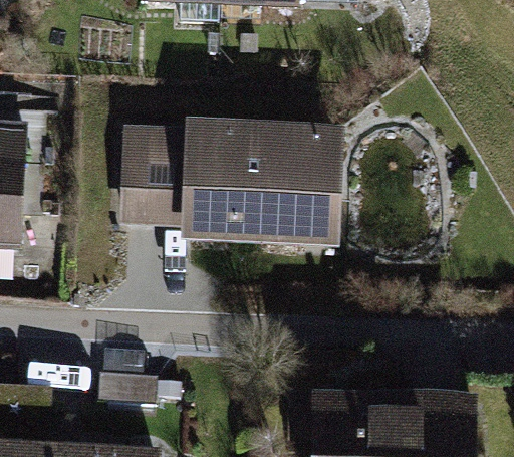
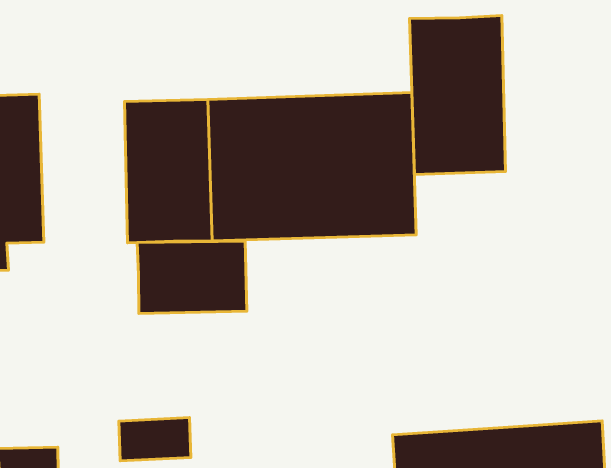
building: none -> [410,16,505,174]
building: none -> [137,241,247,314]

